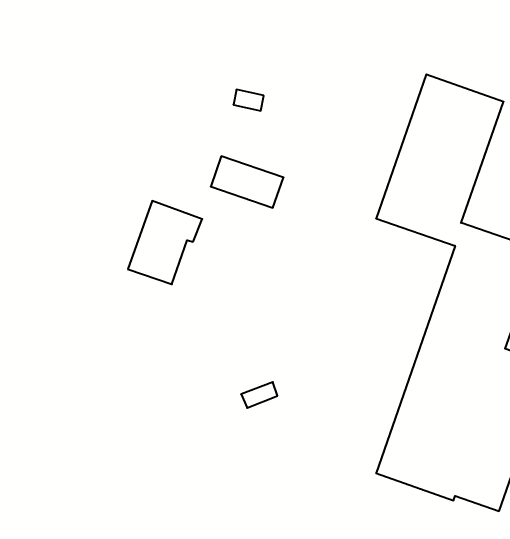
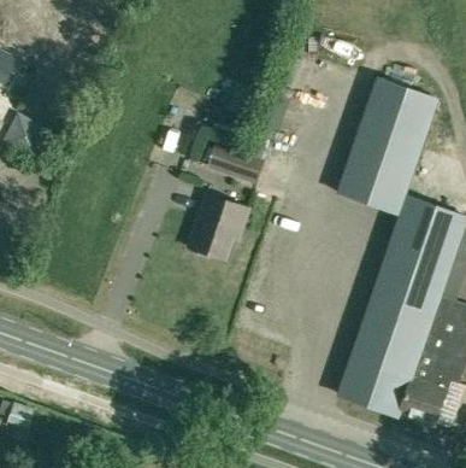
building: [128,201,202,284] -> [189,193,248,259]

